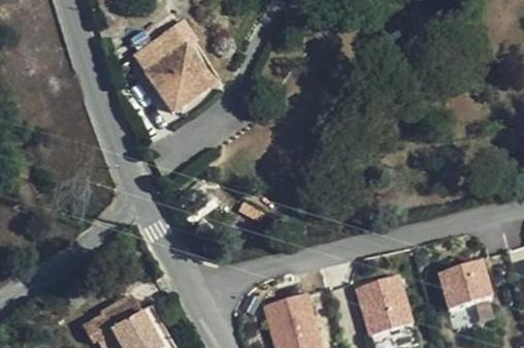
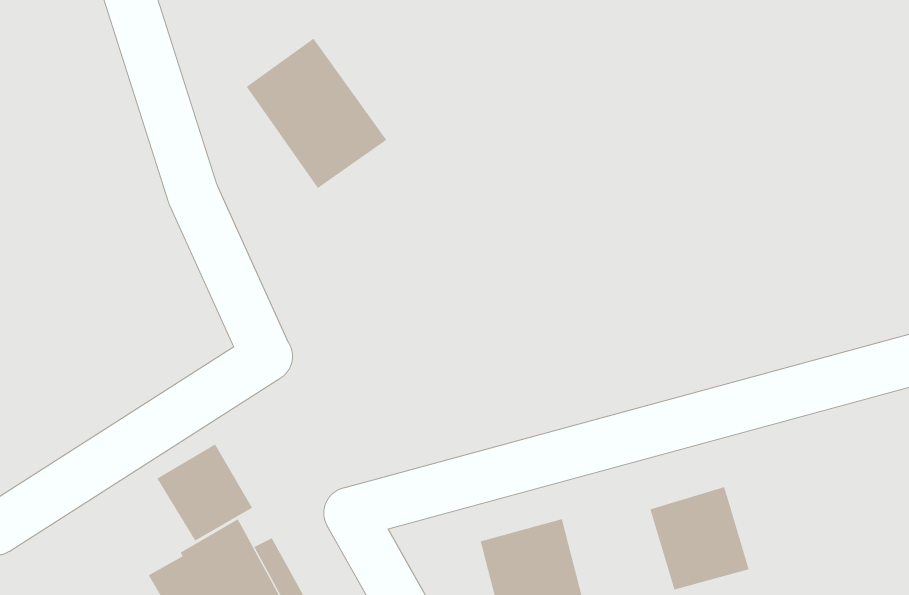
building: none -> [157,444,253,541]
building: [439,263,493,311] -> none

